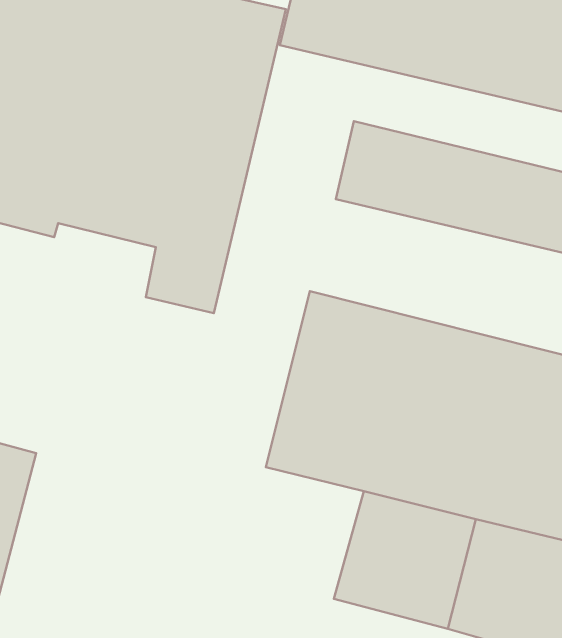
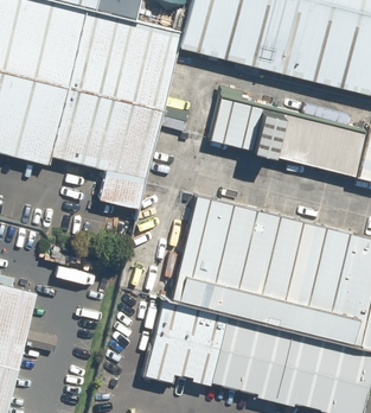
building: none -> [145,299,228,382]

